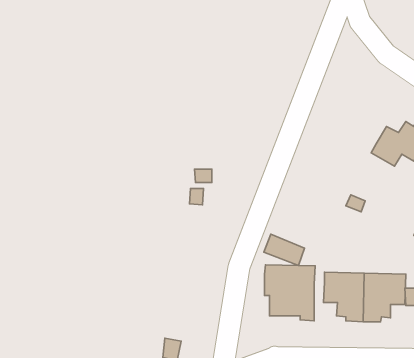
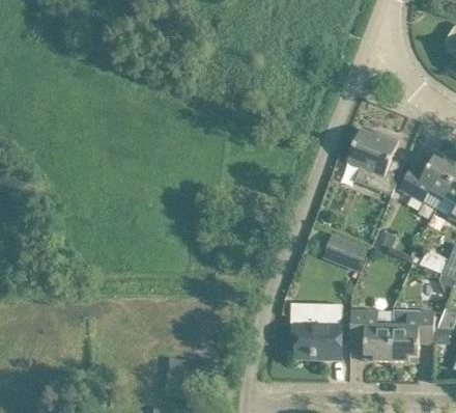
building: none -> [346,128,405,195]
building: [264,234,305,266] -> [324,232,366,265]

